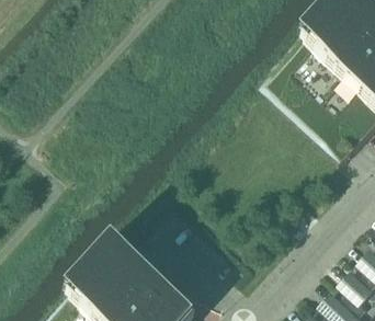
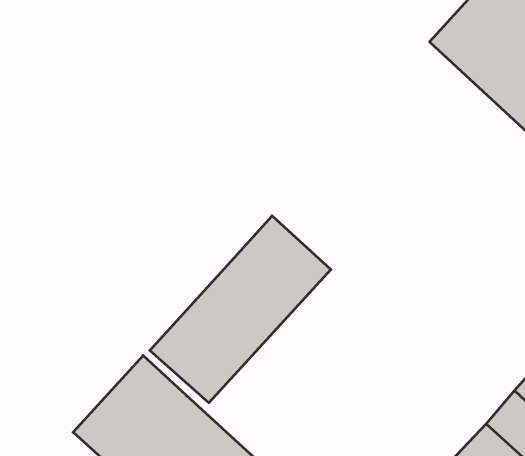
building: none -> [150,216,331,403]

